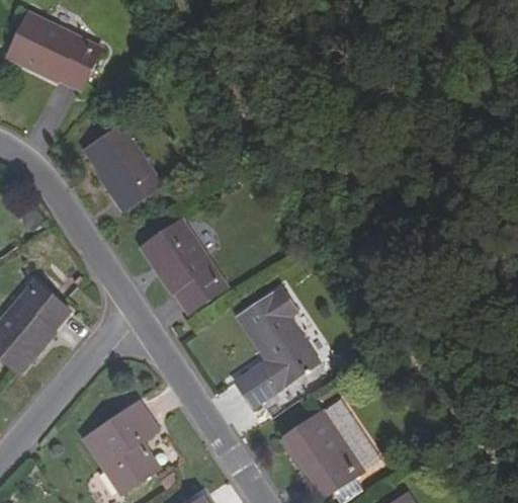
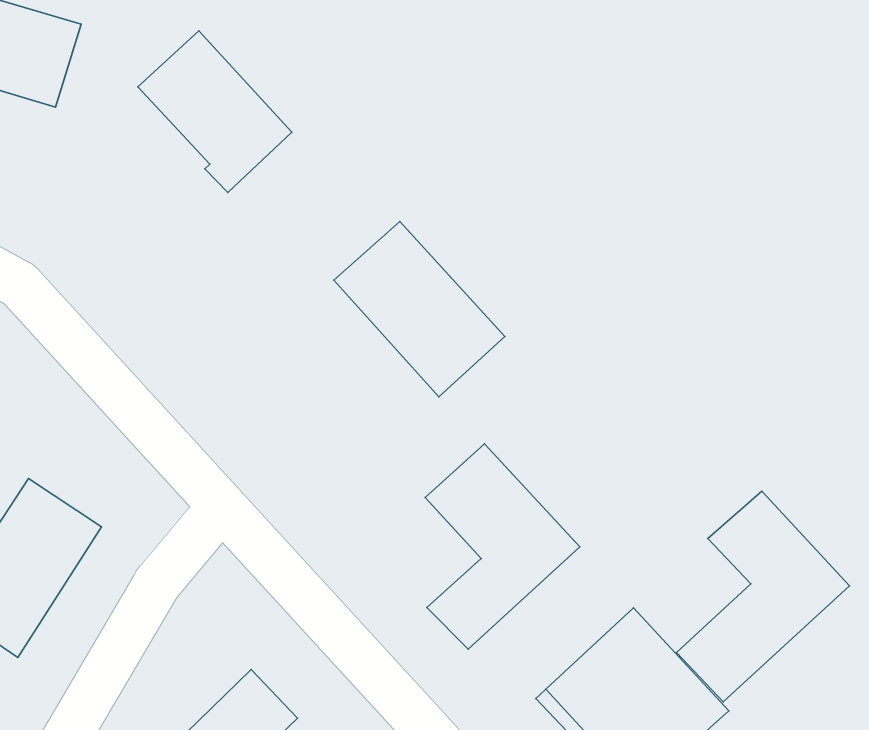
building: [85,124,162,212] -> [138,31,292,192]
building: [145,221,230,316] -> [334,221,505,397]
building: none -> [677,491,849,702]

